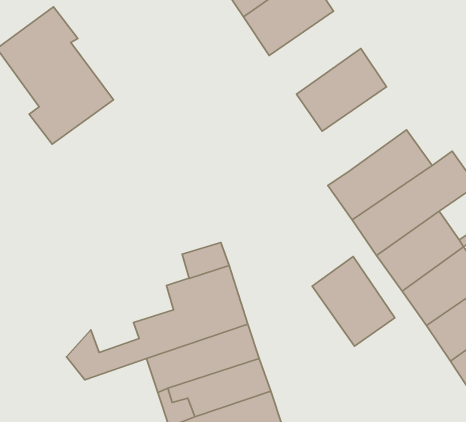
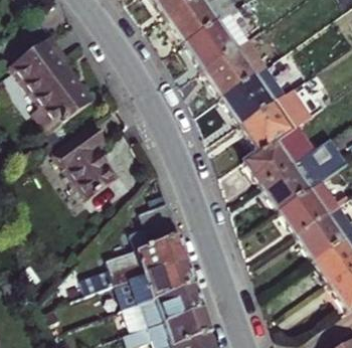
building: none -> [201,40,266,99]
building: none -> [238,88,312,153]
building: none -> [53,127,117,200]
building: [312,256,395,346] -> none

